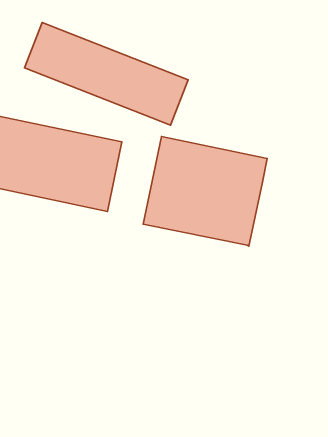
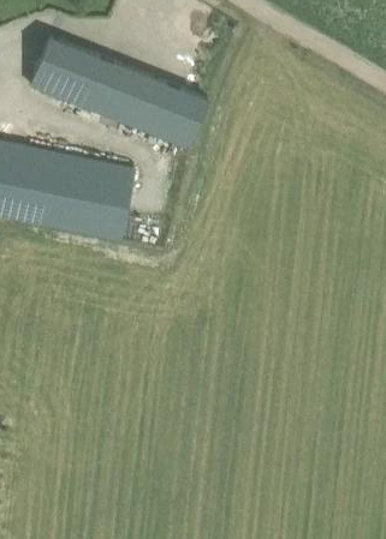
building: [143,136,267,246] -> none

